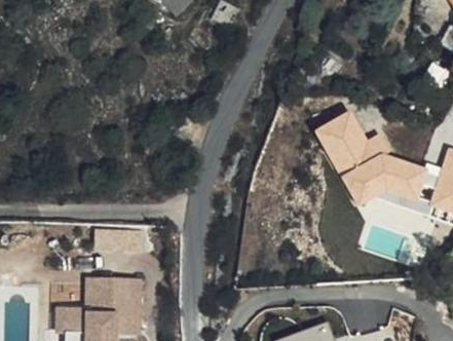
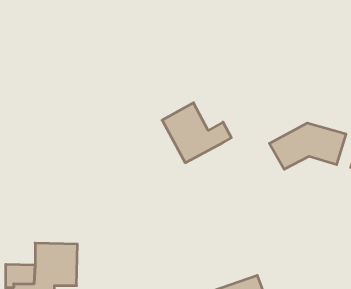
building: [316,110,393,177] -> [162,103,231,163]

